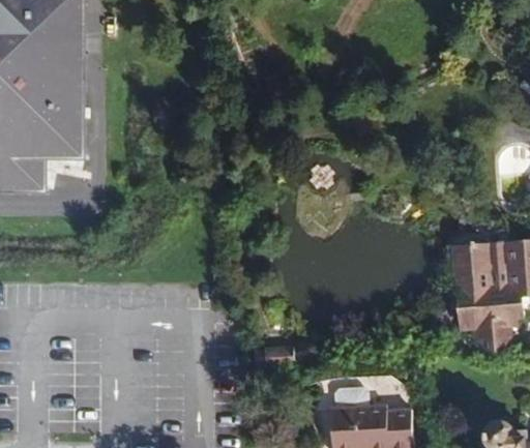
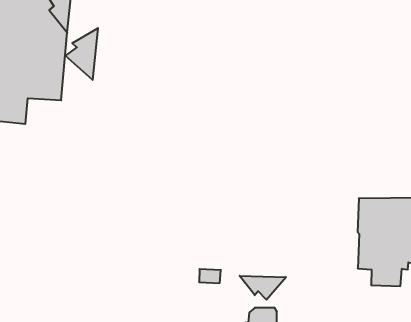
building: none -> [65,28,98,80]
building: none -> [240,276,286,300]

